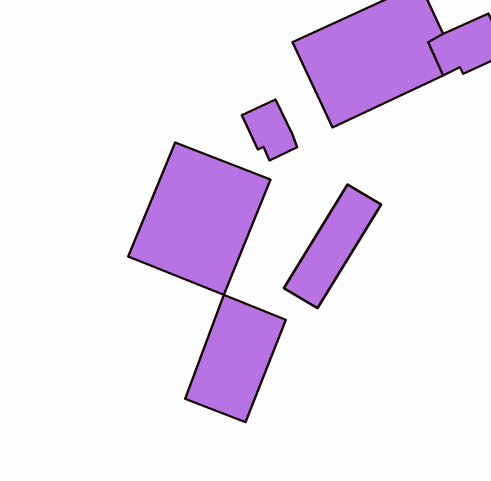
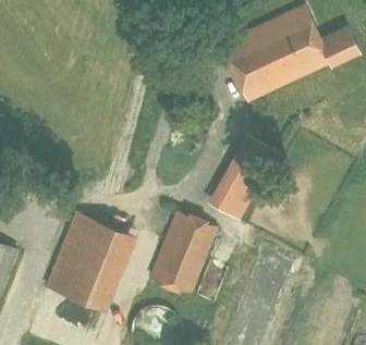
building: [242,99,297,160] -> none
building: [128,143,271,295] -> [44,211,136,310]

